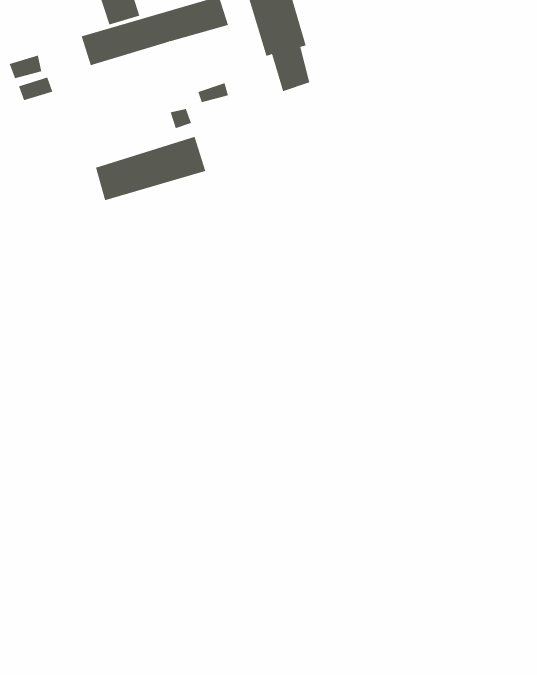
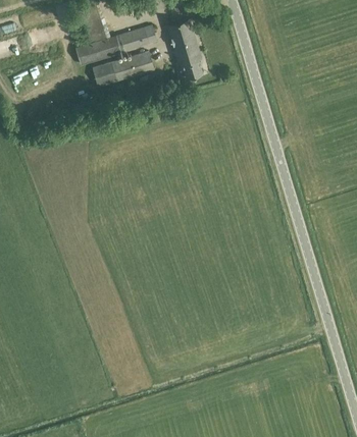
building: [95,136,206,201] -> [93,51,154,87]

